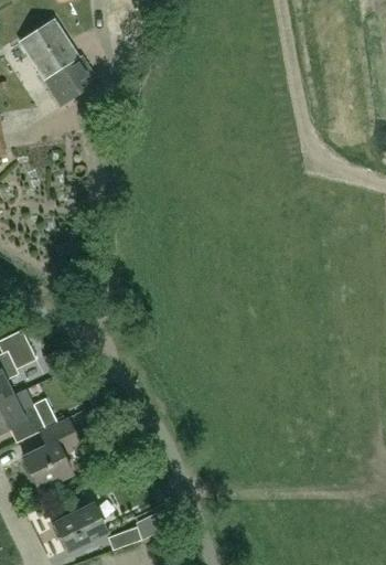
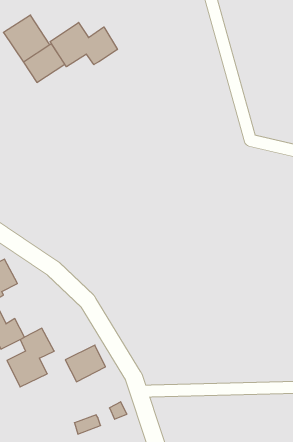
building: none -> [50,22,117,67]
building: [55,502,106,548] -> [65,345,105,382]

